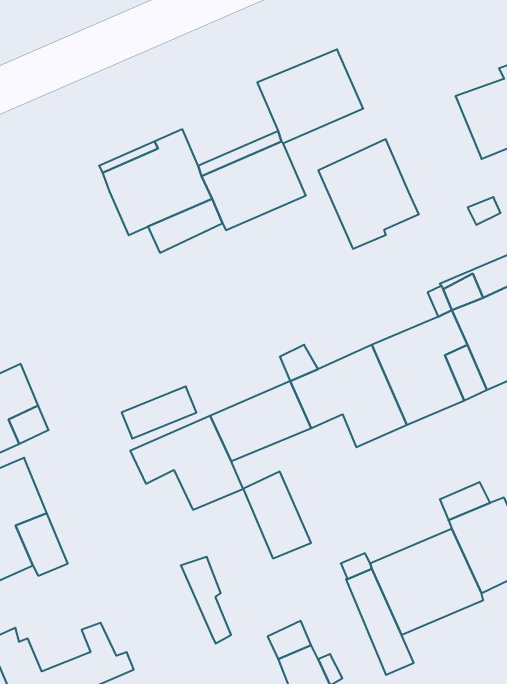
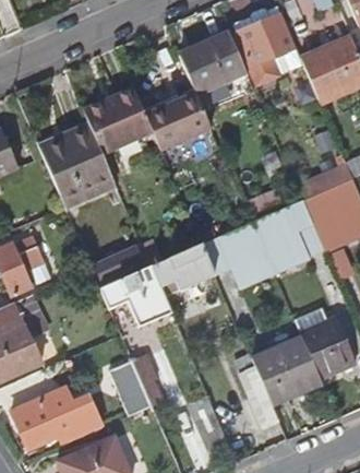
building: [318,139,419,249] -> [237,17,300,86]
building: none -> [38,126,113,206]
building: [243,472,311,558] -> [109,360,152,415]
building: none -> [28,387,75,427]

